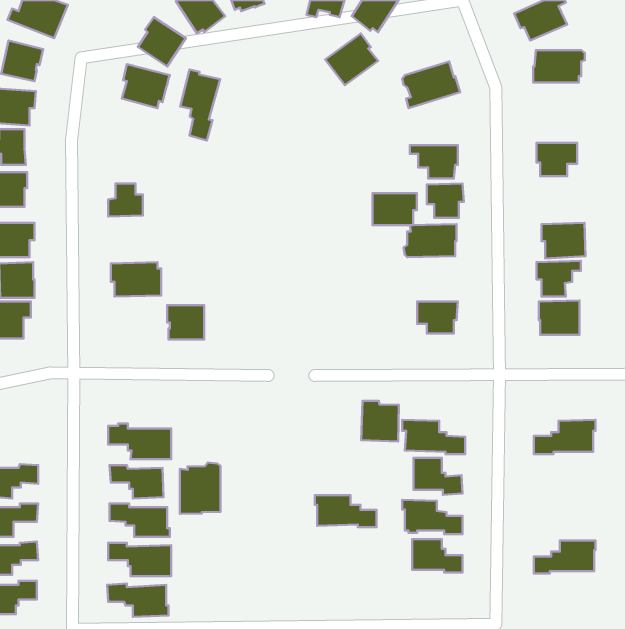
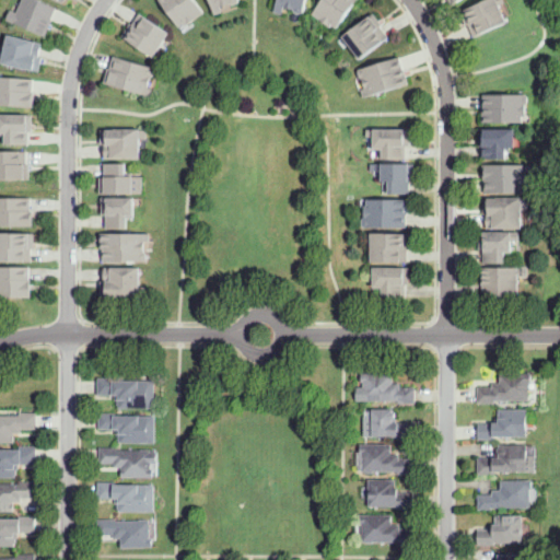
building: [325,34,378,85] -> [339,15,386,61]
building: [533,50,585,82] -> [480,94,526,122]
building: [180,70,220,140] -> none
building: none -> [104,130,137,161]
building: none -> [483,165,525,194]
building: [372,193,417,225] -> [369,233,408,261]
building: none -> [104,196,130,229]
building: [167,305,204,340] -> [104,269,137,300]
building: [361,401,399,441] -> none
building: none -> [475,408,524,439]
building: [180,462,220,514] -> none
building: [315,495,376,527] -> [358,515,412,544]
building: none -> [475,444,524,475]
building: none -> [475,516,520,545]

